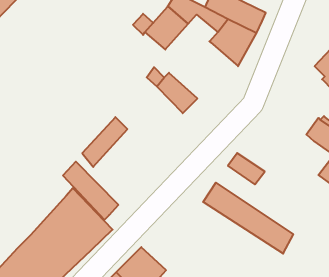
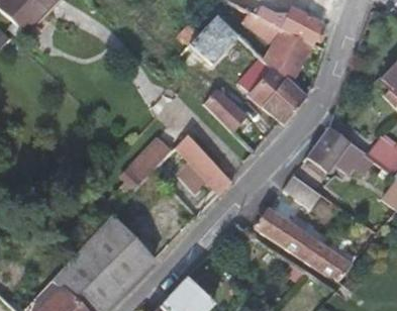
building: none -> [237,54,308,124]
building: none -> [305,126,376,175]
building: [63,162,118,220] -> [172,133,232,197]

